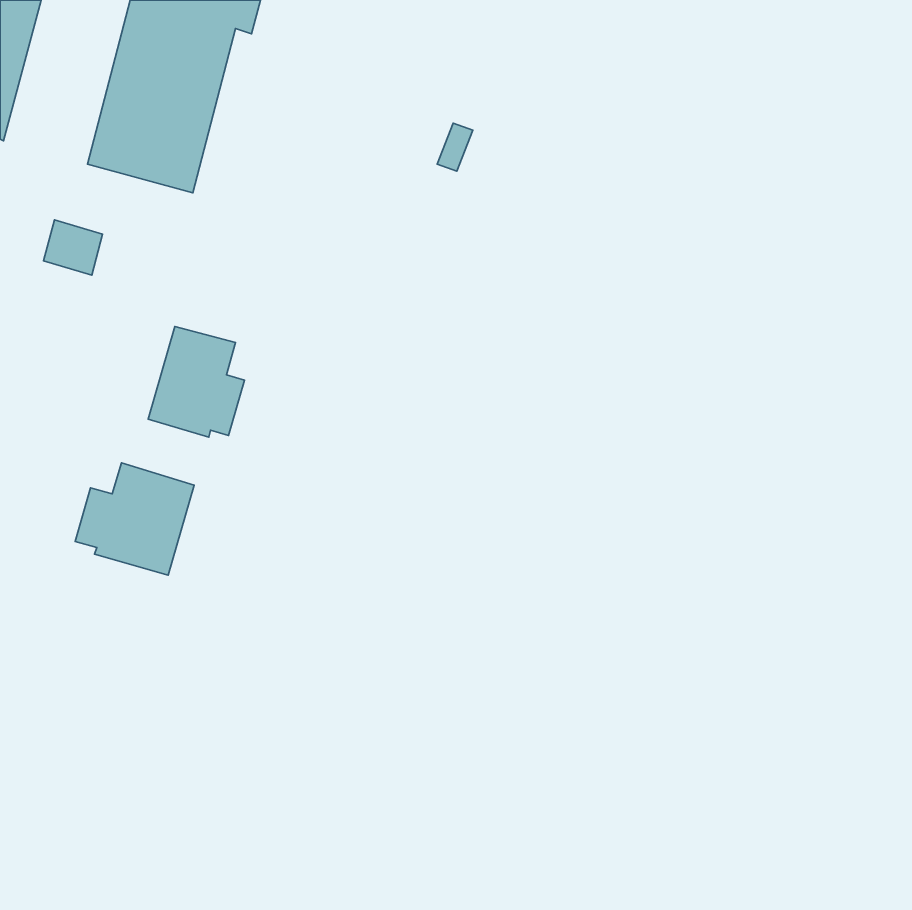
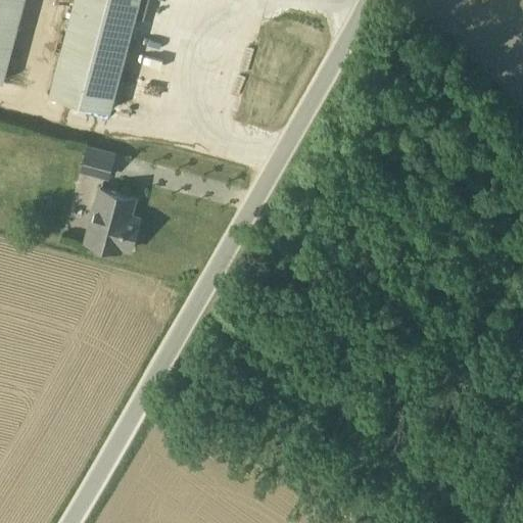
building: [44,220,103,275] -> [81,146,114,178]
building: [75,463,194,575] -> none

